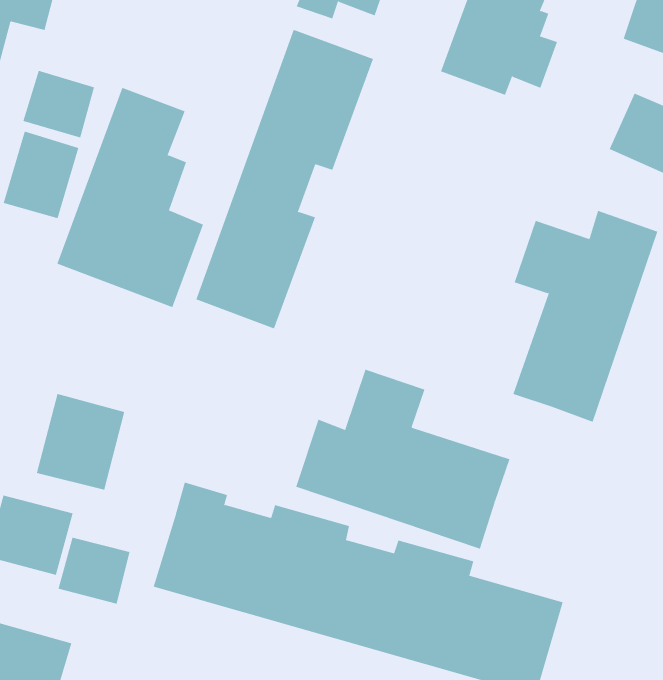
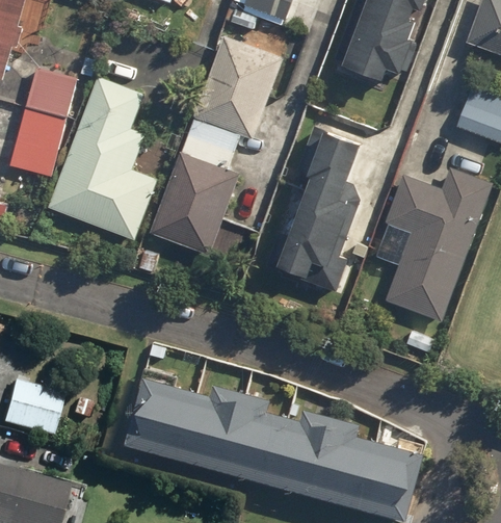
building: none -> [266,126,362,278]
building: [296,369,510,549] -> none
building: [36,393,125,490] -> none
building: [58,537,130,605] -> none

